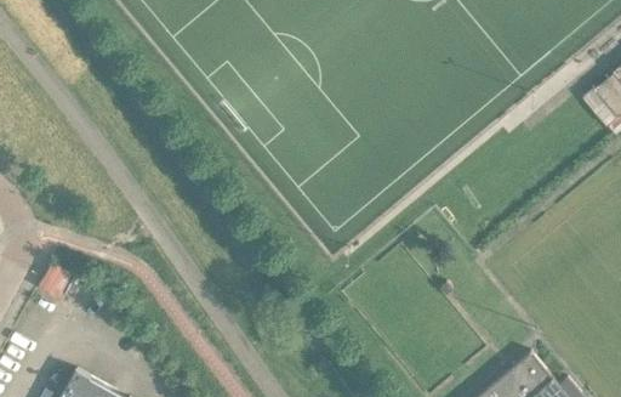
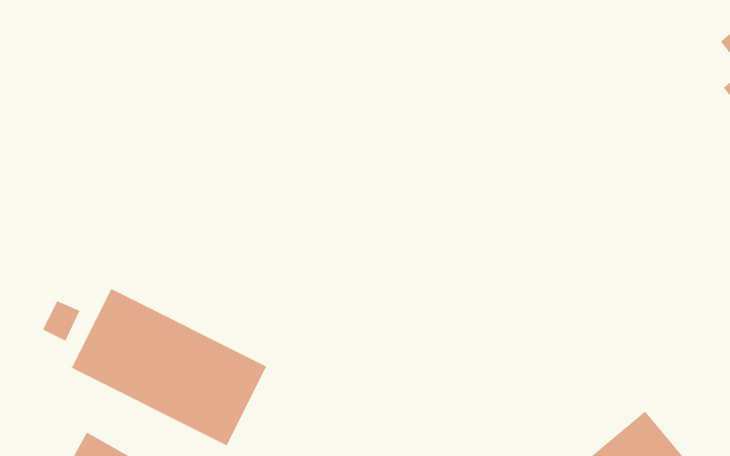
building: none -> [71,288,267,446]

